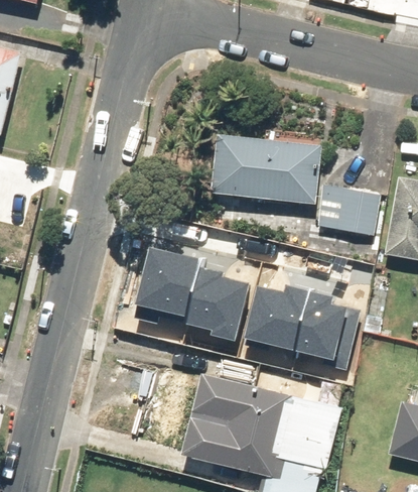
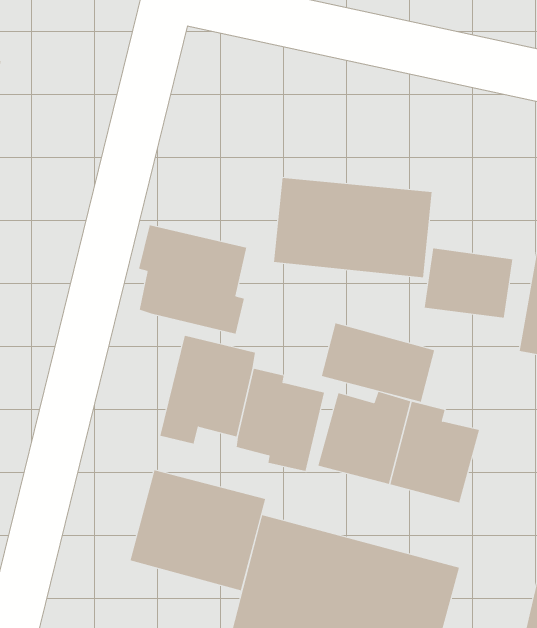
building: none -> [138,225,247,334]
building: none -> [321,323,435,402]
building: none -> [130,470,266,591]

